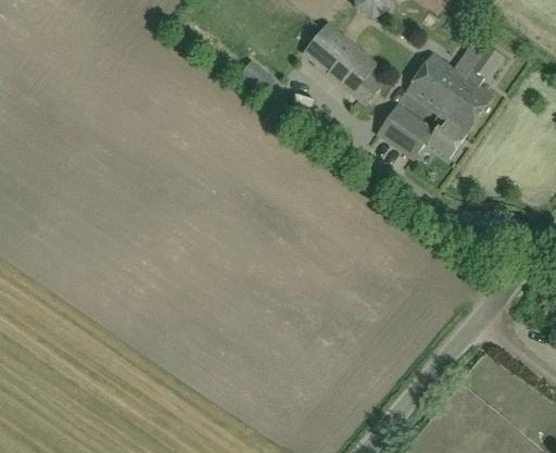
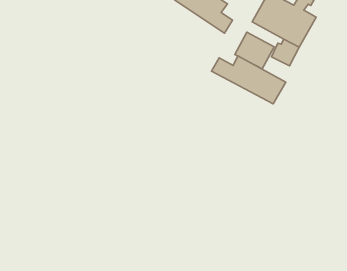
building: none -> [212,56,286,104]

